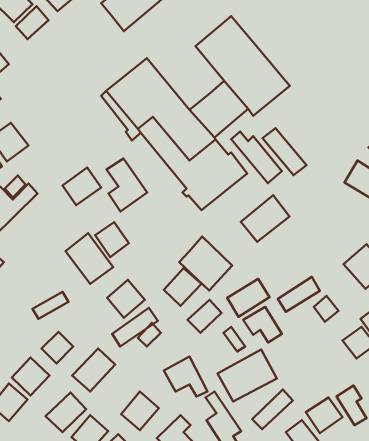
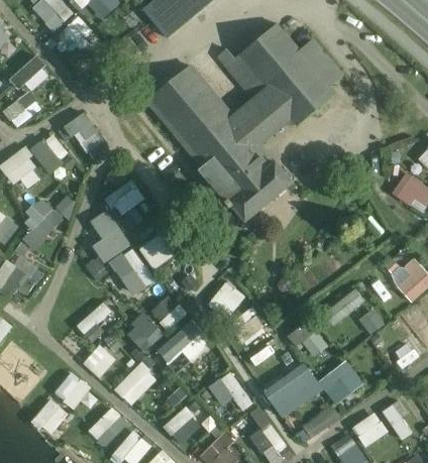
building: none -> [58,112,104,155]
building: [263,128,306,175] -> [298,41,342,89]
building: [231,131,282,183] -> [217,50,269,103]
building: [107,159,147,211] -> [89,210,130,263]
building: [241,195,289,242] -> none
building: [179,236,232,290] -> none
building: [227,279,270,317] -> none
building: none -> [124,313,165,353]
building: none -> [318,359,363,404]

